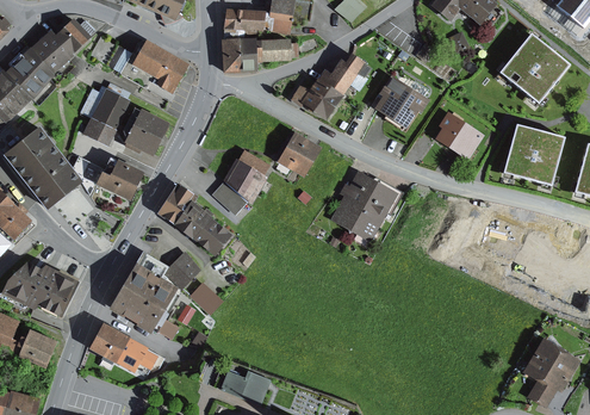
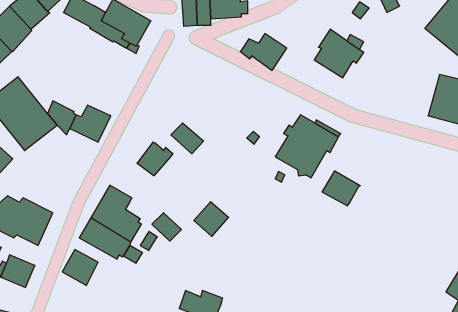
building: [317,52,372,95] -> none
building: [80,87,129,144] -> none
building: [120,106,168,154] -> none
building: [434,111,484,160] -> none
building: [275,131,321,178] -> none
building: [223,149,269,204] -> none
building: [156,182,198,225] -> none
building: [192,218,231,258] -> [194,202,229,236]
building: none -> [322,171,360,206]
building: [163,250,200,289] -> none
building: [116,337,164,378] -> none

